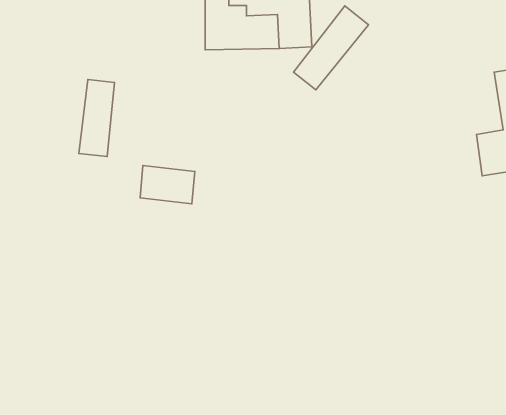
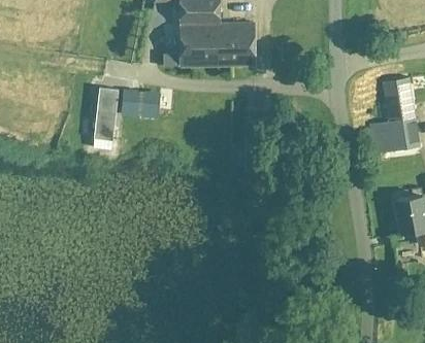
building: [293,6,368,90] -> none
building: [140,165,195,204] -> [120,90,158,116]

